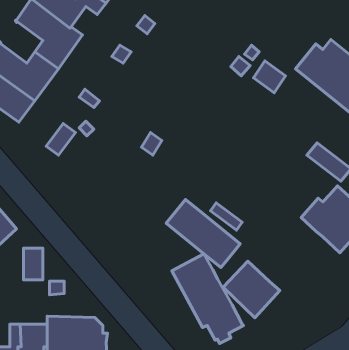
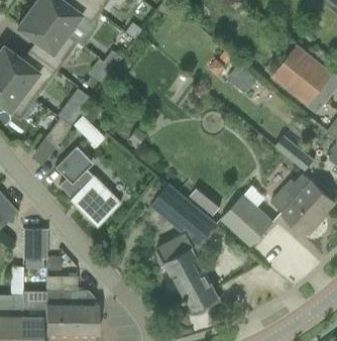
building: none -> [53,147,120,228]
building: [223,261,280,318] -> [222,196,272,246]

